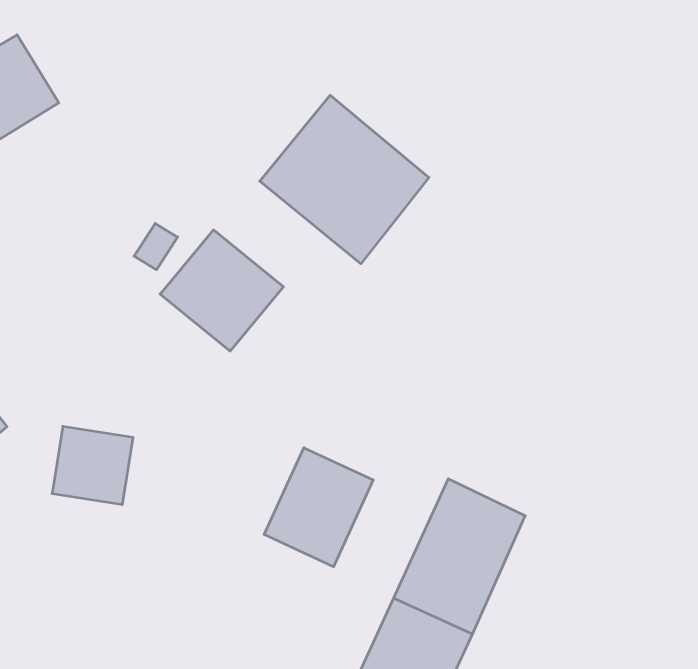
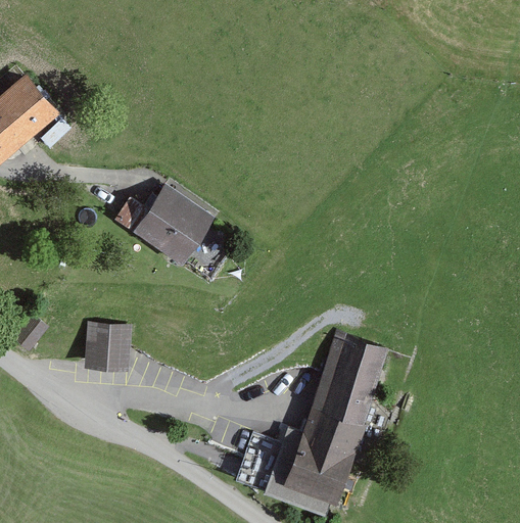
building: [260,95,429,264] -> none
building: [264,448,373,567] -> none

